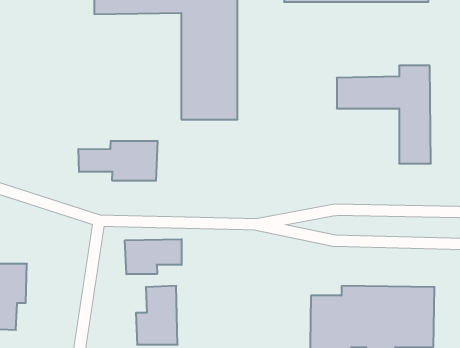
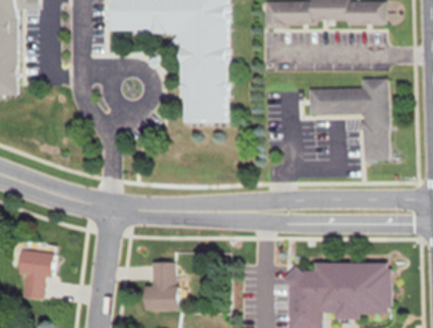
building: [78,141,157,181] -> none
building: [125,239,182,274] -> none

